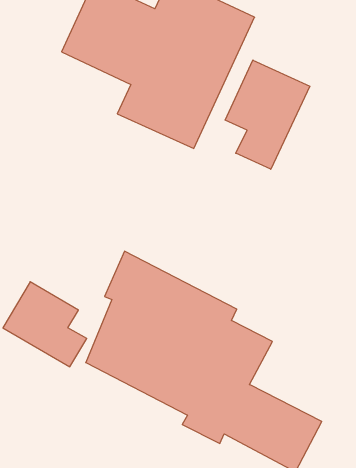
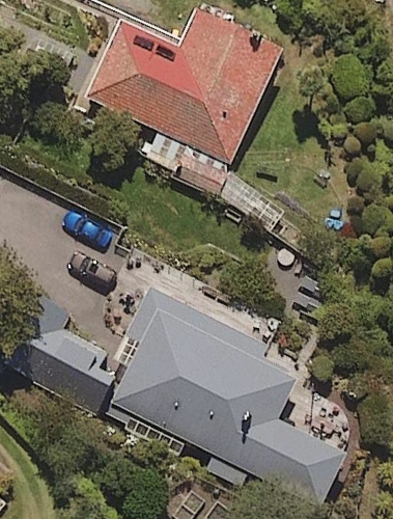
building: [225,60,310,169] -> none

